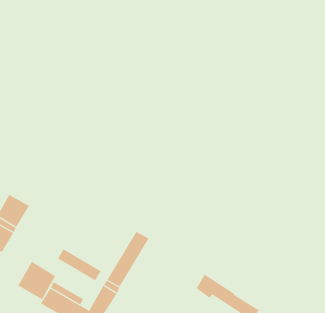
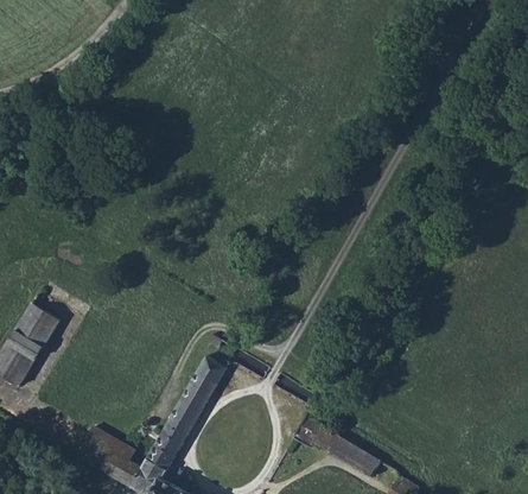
building: [57,249,102,281] -> none
building: [17,261,56,300] -> none

